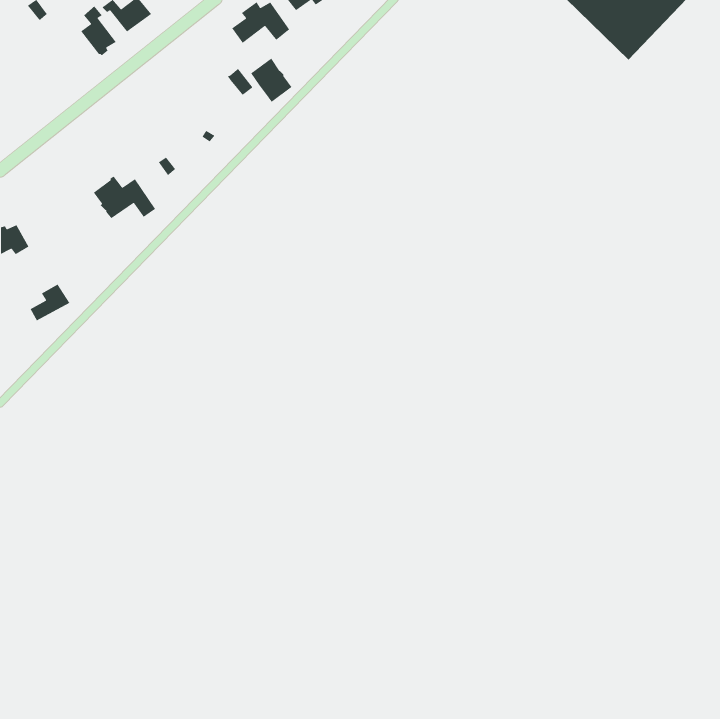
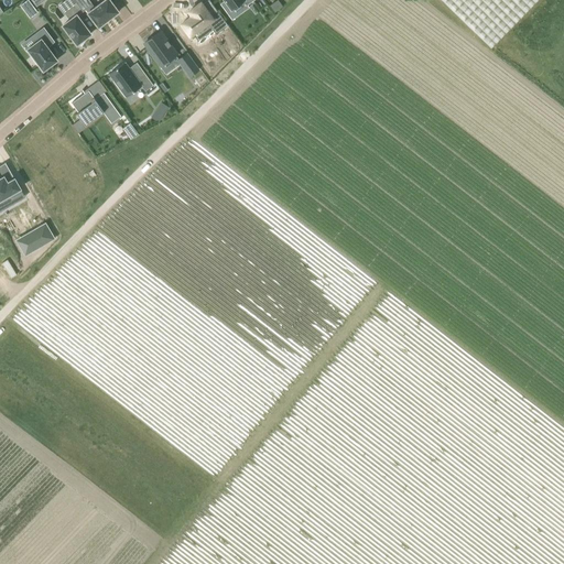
building: none -> [28,28,57,69]
building: [250,58,293,103] -> [144,30,177,65]
building: none -> [109,61,153,96]
building: [93,175,156,219] -> [72,89,121,123]

